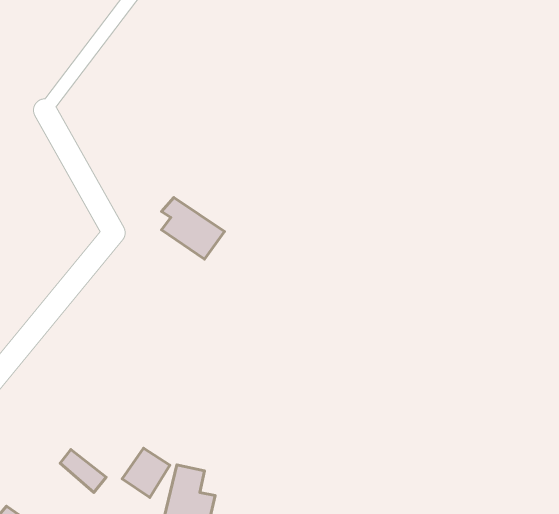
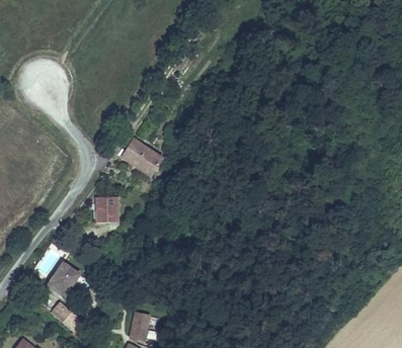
building: none -> [96,194,124,225]
building: [122,448,170,497] -> [49,263,80,295]

